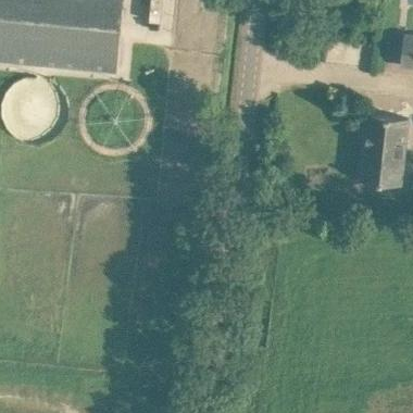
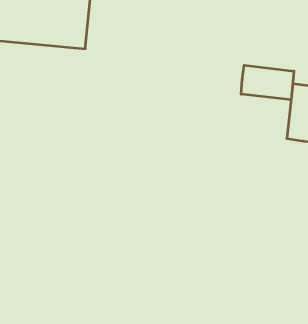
building: none -> [241,65,294,100]

